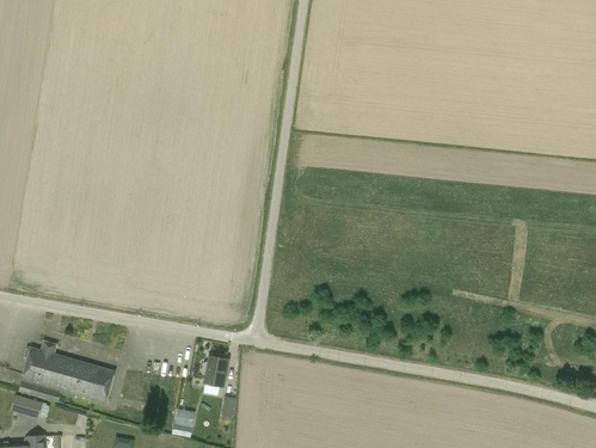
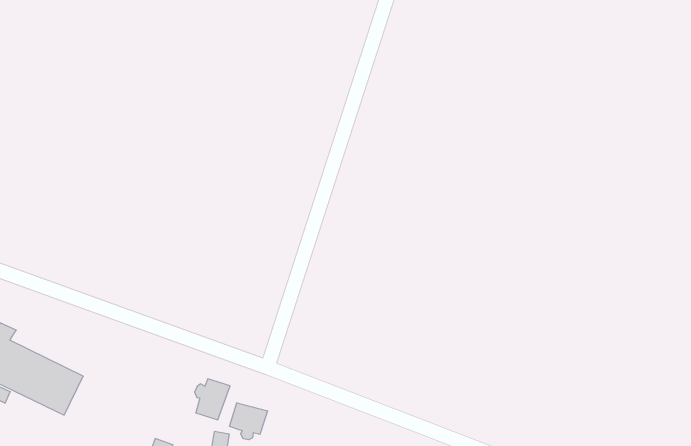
building: none -> [229,403,267,440]

